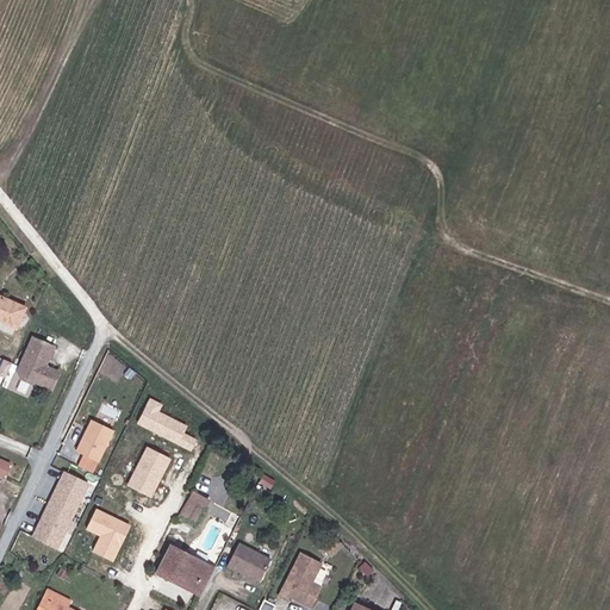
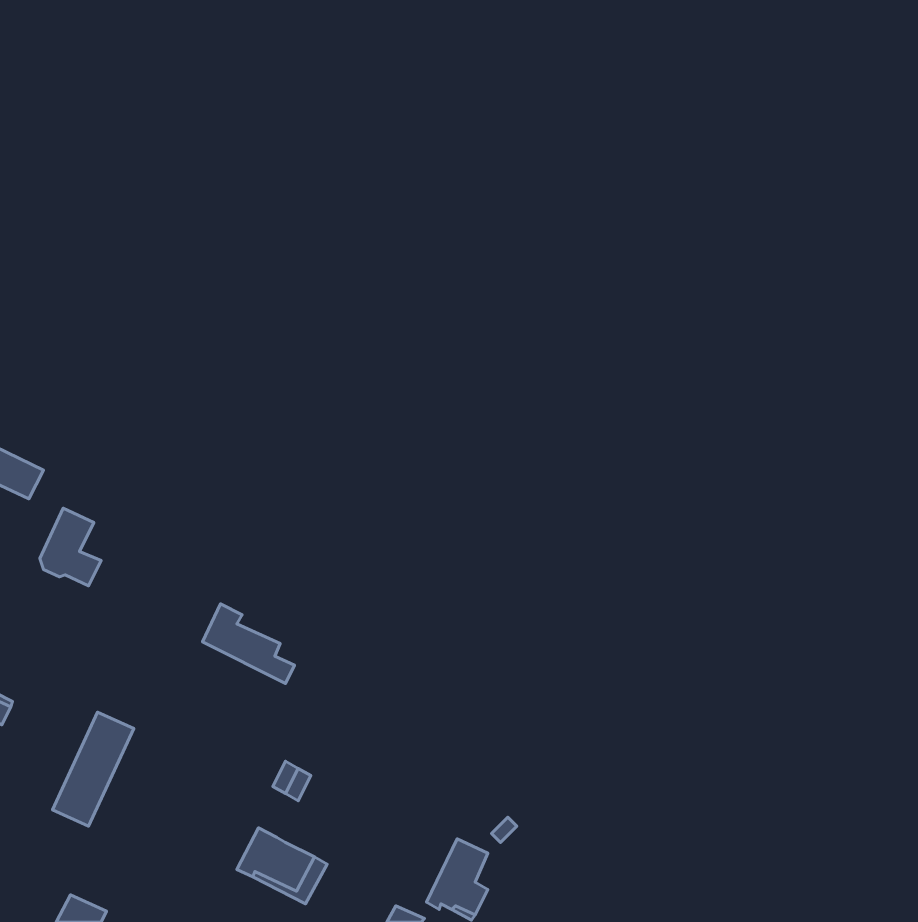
building: [73,419,111,473] -> none
building: [124,446,169,497] -> none
building: [82,508,127,560] -> none
building: [229,543,272,580] -> none

